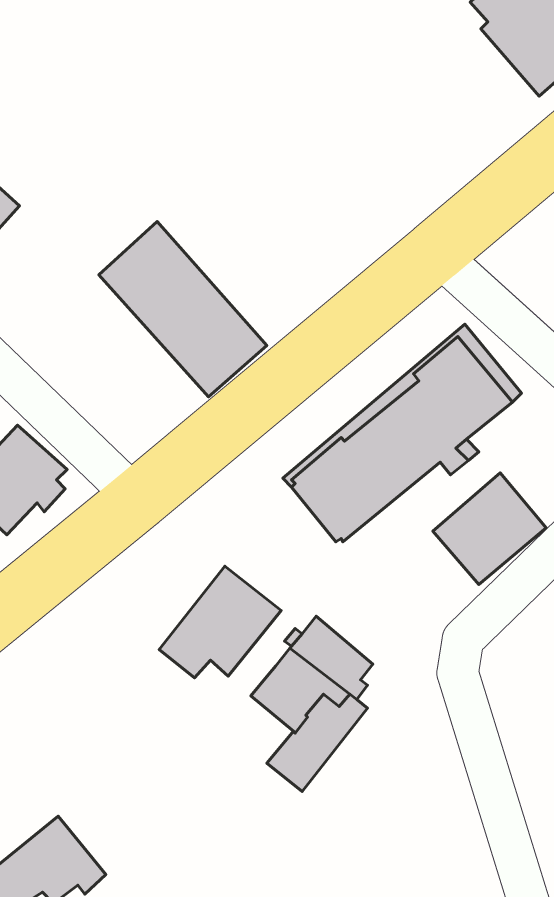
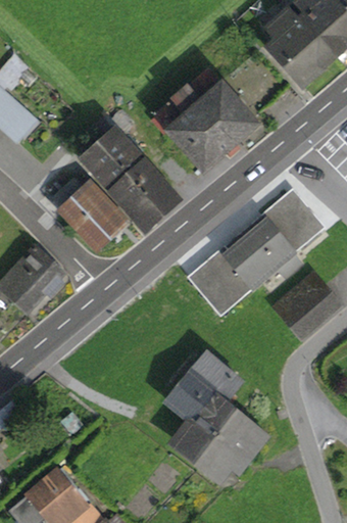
building: none -> [266,10,335,86]
building: none -> [155,69,257,173]
building: none -> [51,178,126,247]
building: [159,566,281,678] -> [198,410,268,474]

